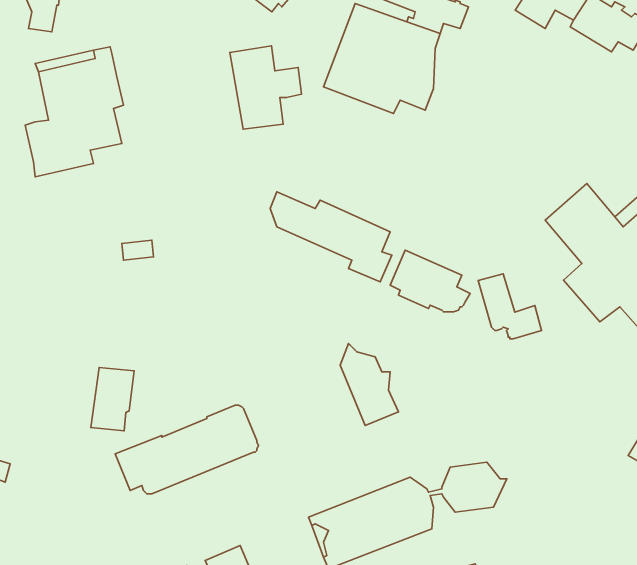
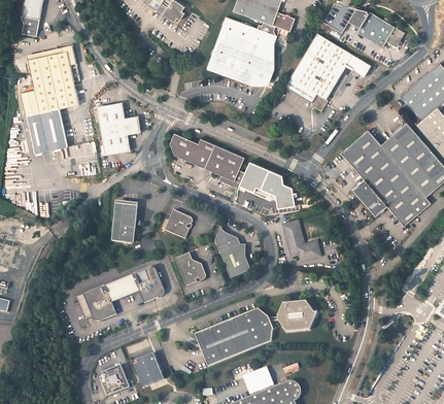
building: none -> [283,32,370,110]
building: [230,46,302,129] -> [96,101,140,153]
building: none -> [26,115,68,154]
building: [478,274,541,339] -> [281,220,320,260]
building: none -> [165,207,193,237]
building: [91,368,134,431] -> [110,203,137,242]
building: none -> [174,255,205,285]

